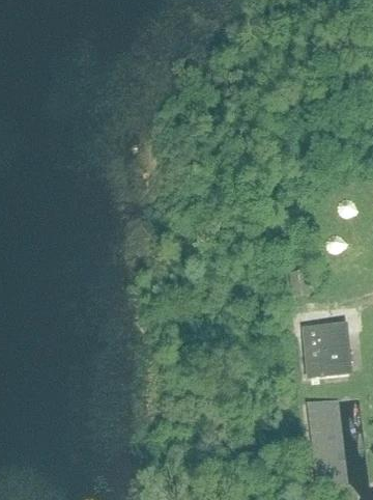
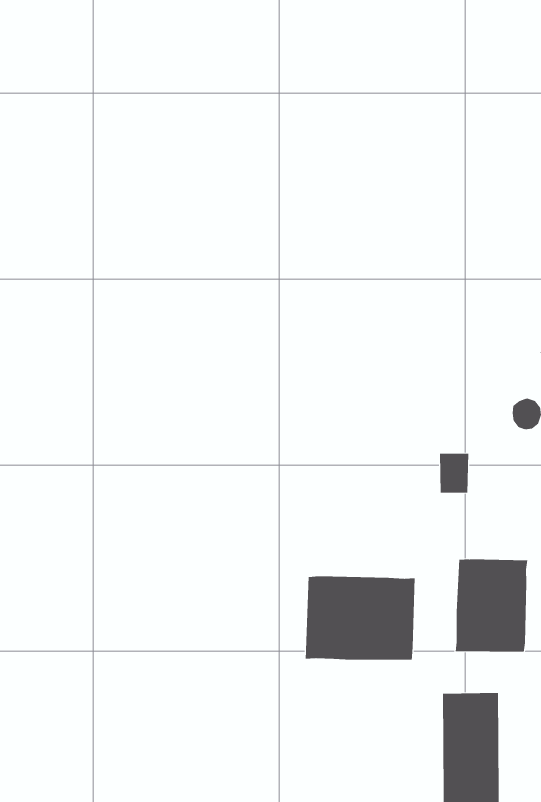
building: none -> [305,576,415,661]

